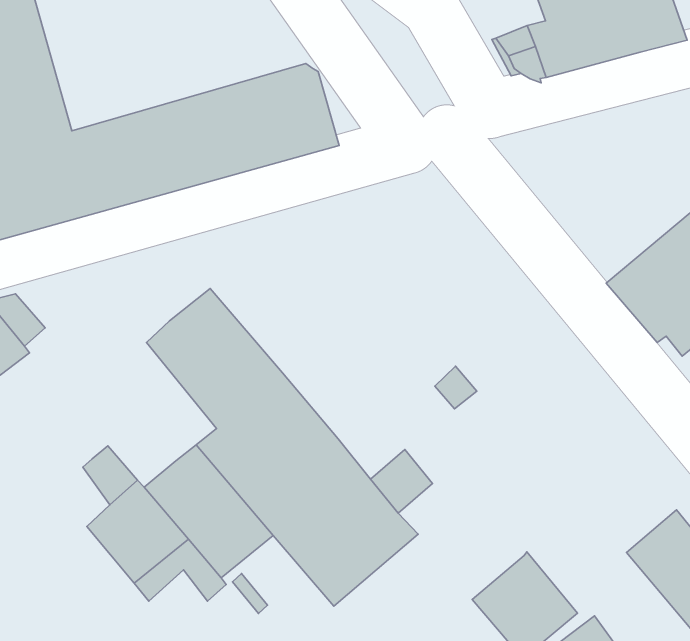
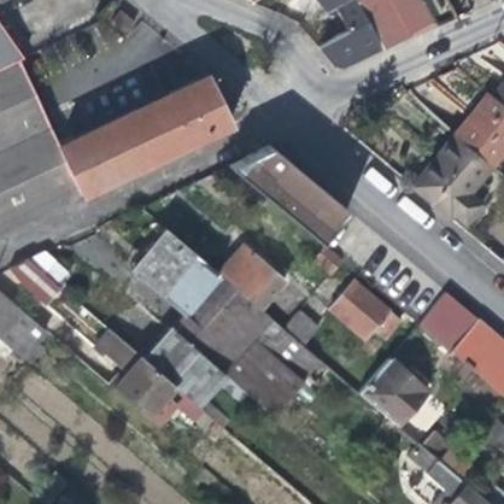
building: none -> [228,146,348,242]
building: none -> [218,246,282,309]
building: none -> [329,281,399,340]
building: none -> [418,292,475,350]

